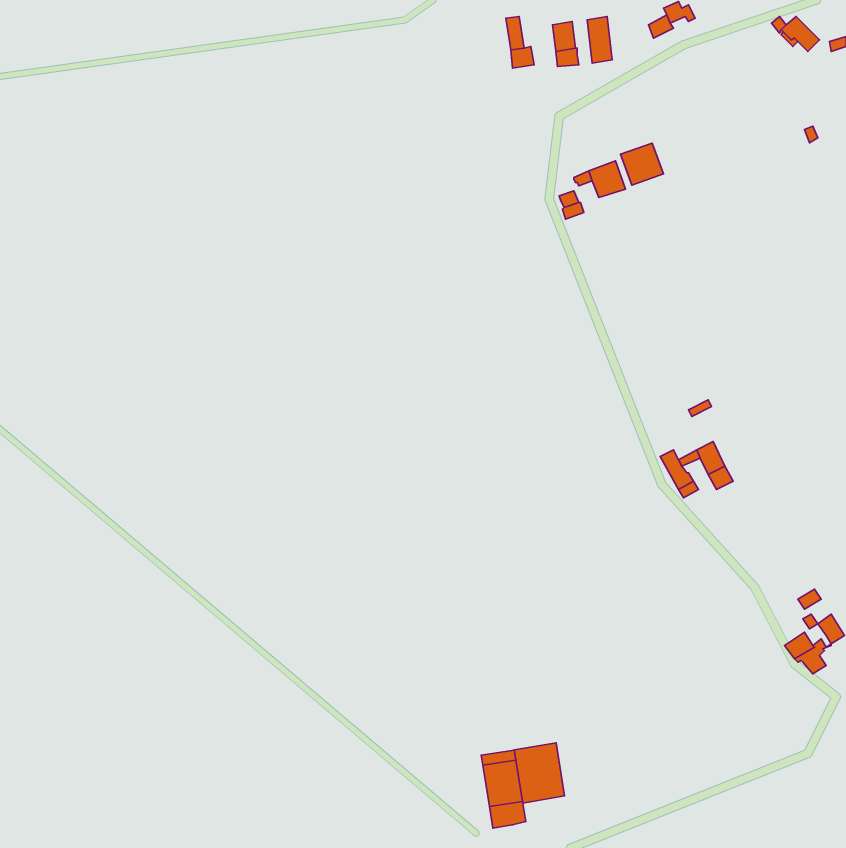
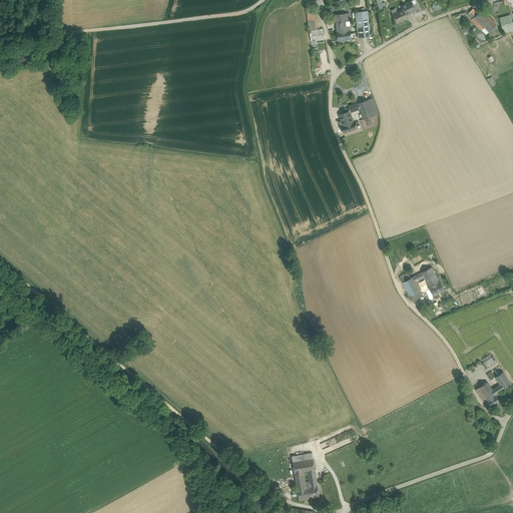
building: [621,143,663,185] -> none
building: [514,743,565,803] -> none

